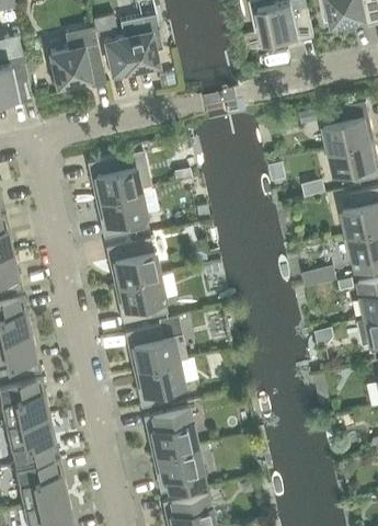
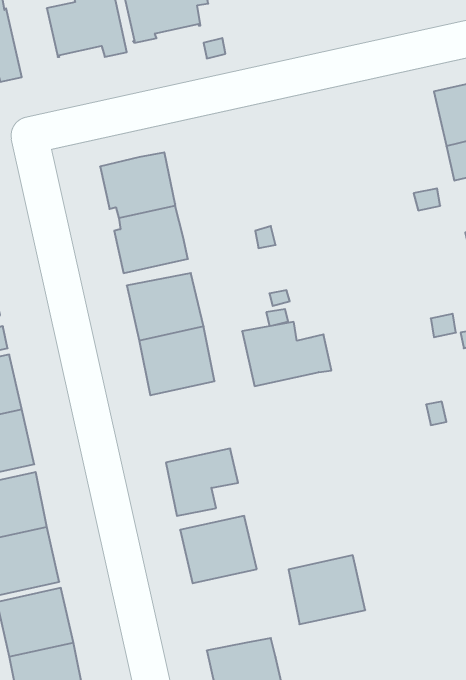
building: [124,325,186,370] -> [242,322,331,386]
building: [151,445,205,493] -> [289,555,365,624]

